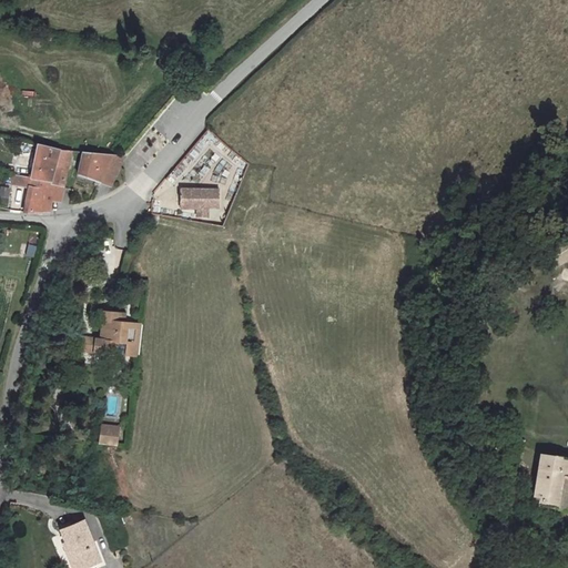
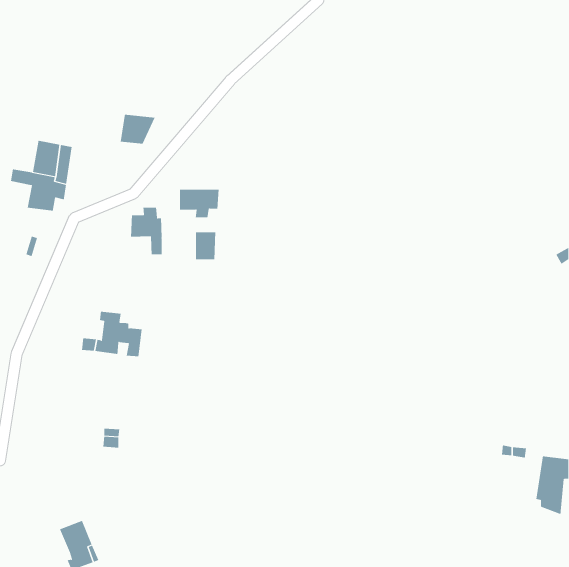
building: [80,150,115,180] -> [120,114,155,144]
building: none -> [131,207,162,255]
building: none -> [195,232,216,260]

